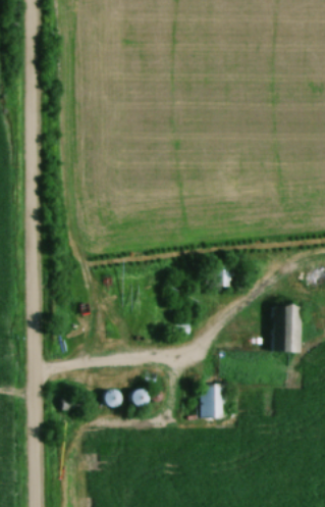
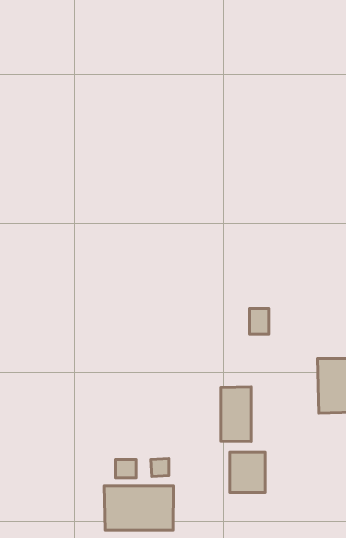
building: none -> [221,387,251,442]
building: none -> [104,486,174,530]

